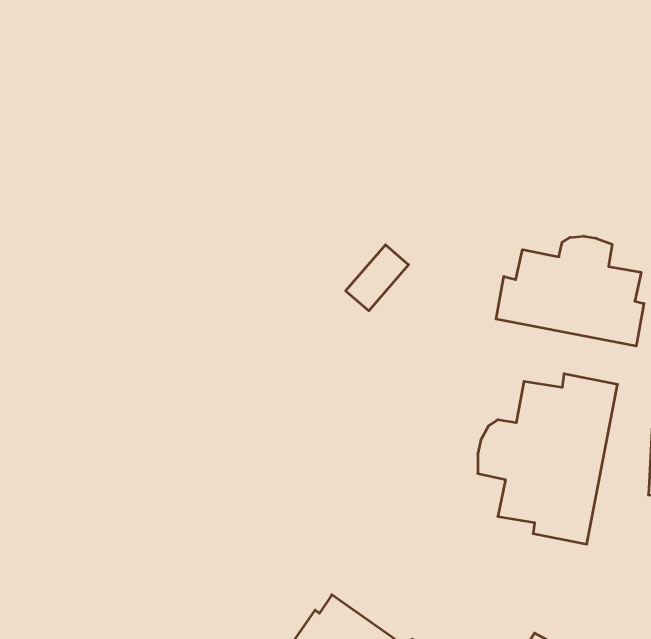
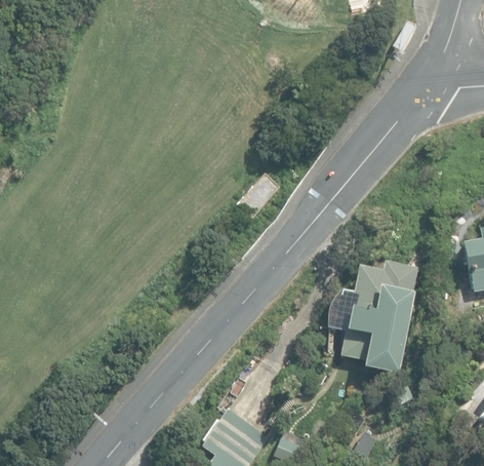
building: [496,236,644,346] -> none

